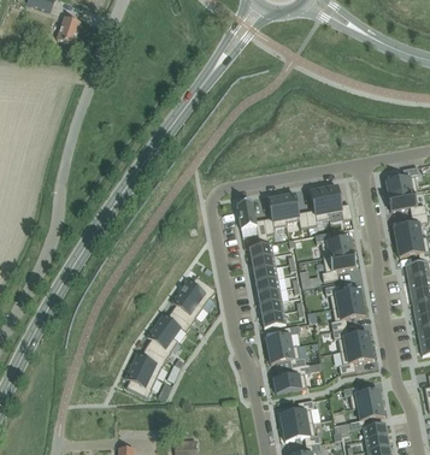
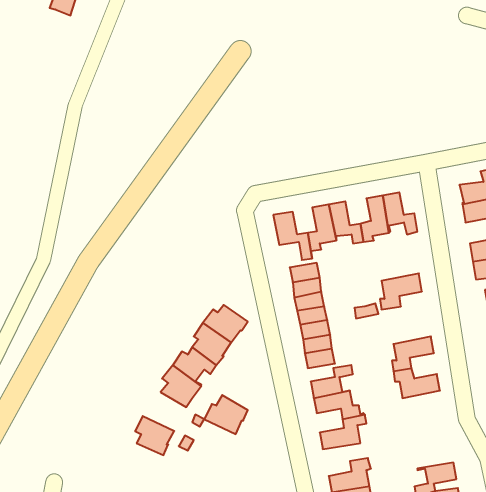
building: [314,231,353,256] -> none
building: [324,283,363,307] -> none
building: [338,344,373,372] -> none
building: [131,345,166,377] -> [204,395,248,434]
building: [343,384,381,407] -> none

